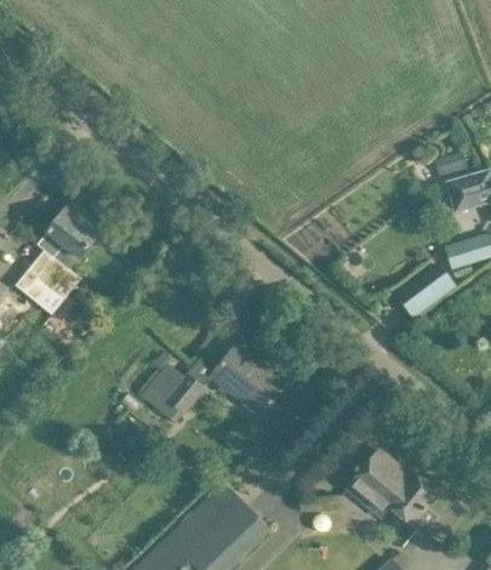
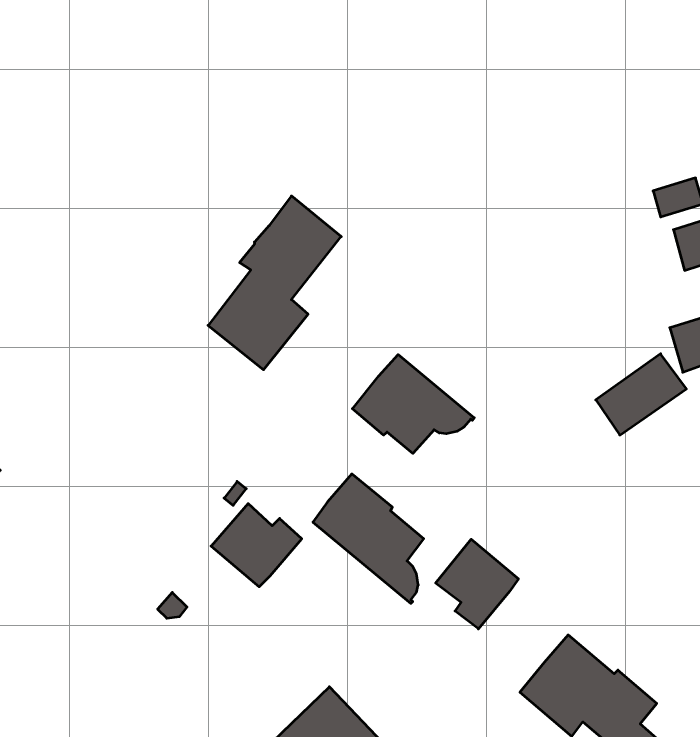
building: [16,201,103,315] -> [208,196,341,370]
building: none -> [352,355,474,453]
building: none -> [436,539,518,629]

